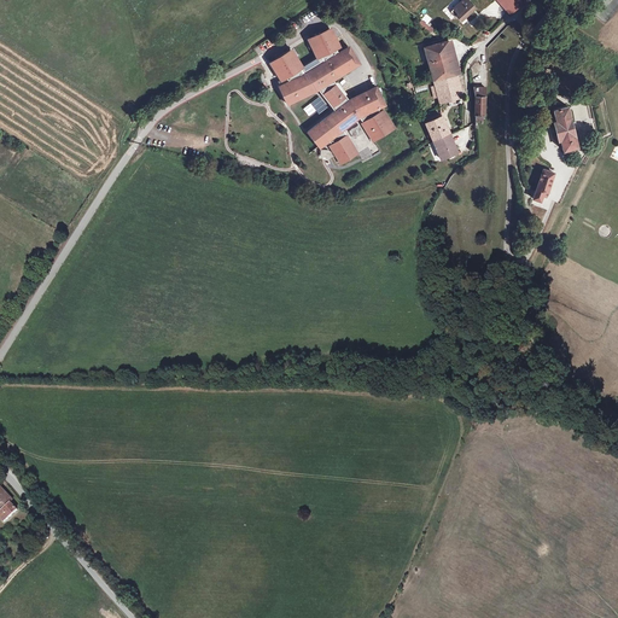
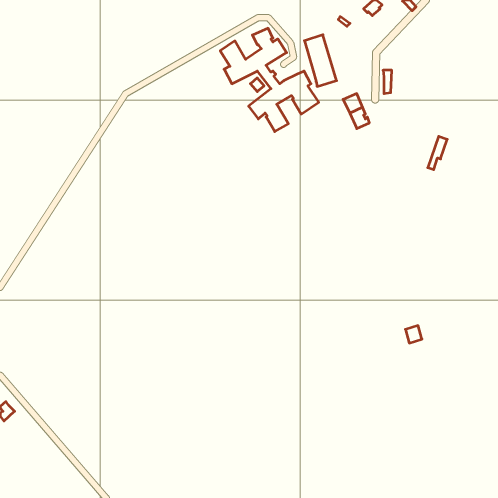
building: [424,40,464,104] -> [304,35,337,86]
building: [555,109,579,153] -> none

